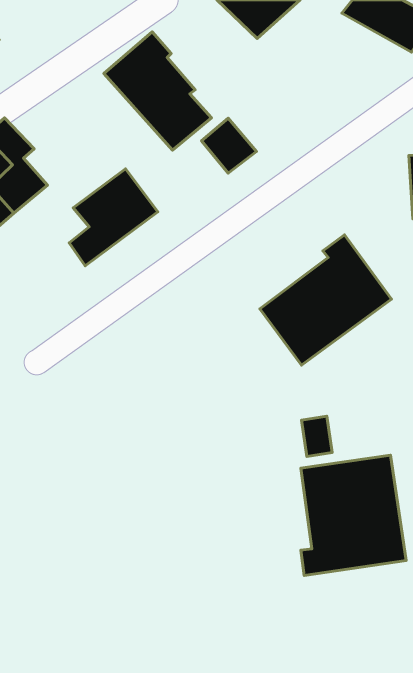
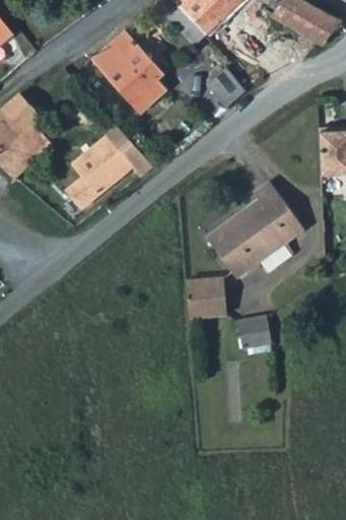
building: [201,118,256,173] -> [205,66,247,108]
building: none -> [188,278,229,316]
building: [301,455,406,576] -> none

